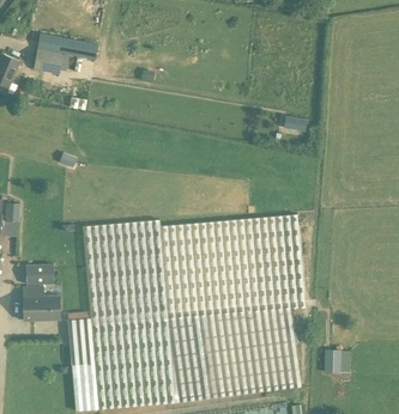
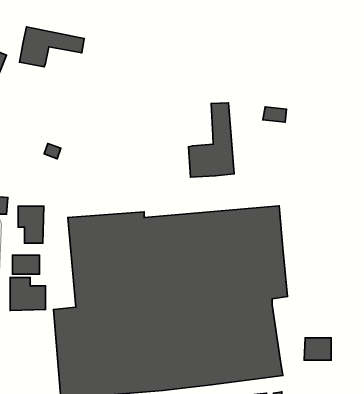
building: none -> [189,103,234,177]
building: none -> [18,206,44,243]

